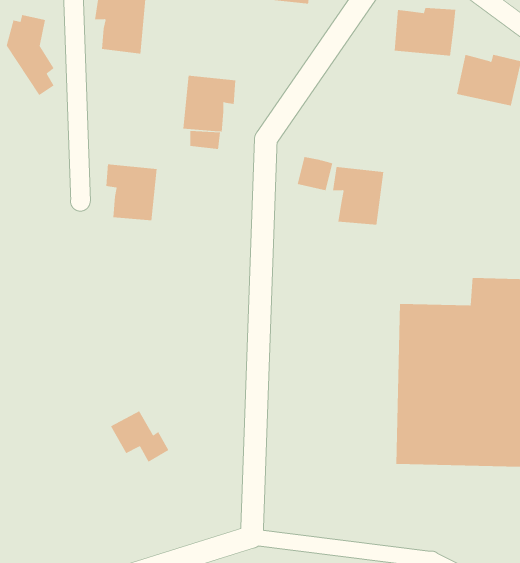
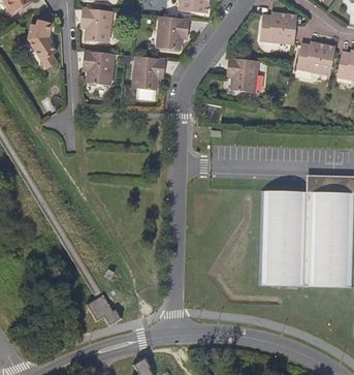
building: none -> [157,14,190,50]
building: [105,164,157,221] -> [84,50,115,84]
building: [332,166,384,225] -> [226,57,257,92]
building: [110,411,169,462] -> [86,295,121,326]

